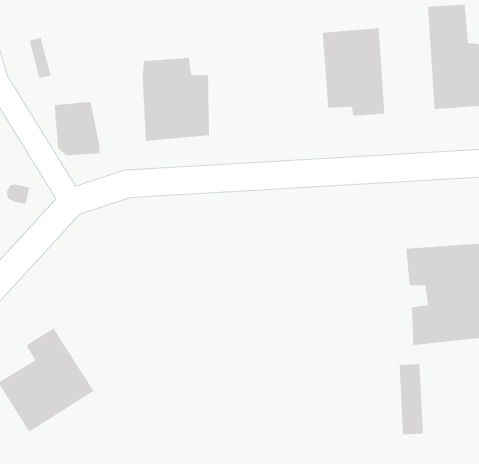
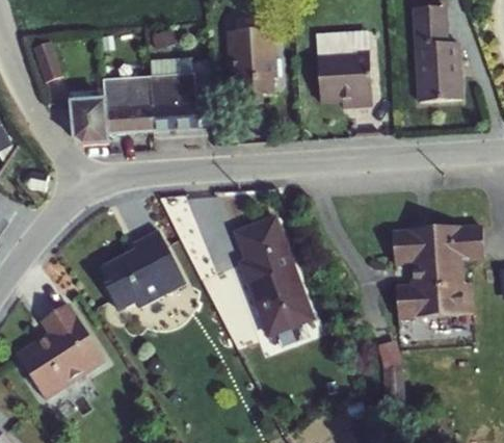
building: none -> [226,27,277,106]
building: none -> [101,73,152,134]
building: none -> [232,213,316,337]
building: none -> [101,227,187,311]

